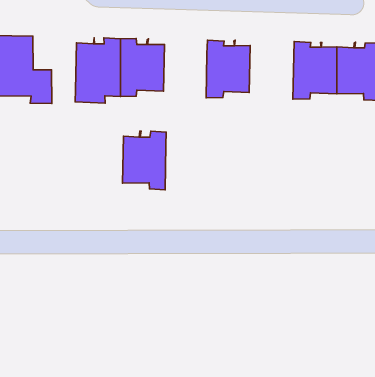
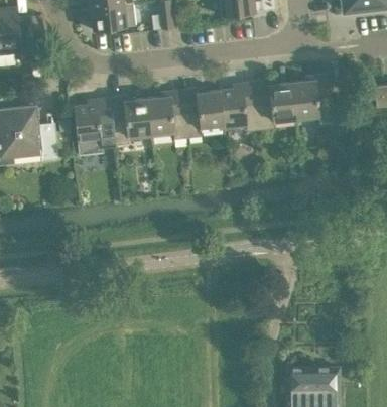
building: none -> [218,82,259,131]
building: [122,131,166,190] -> [146,90,186,139]

